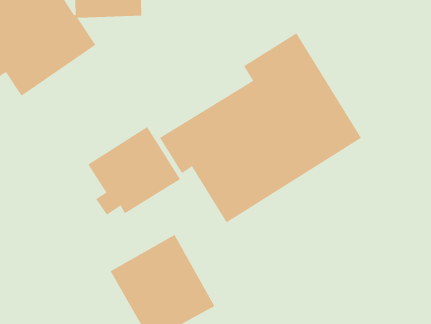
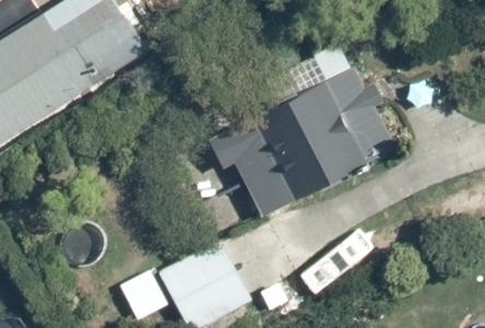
building: [87,126,181,215] -> none

